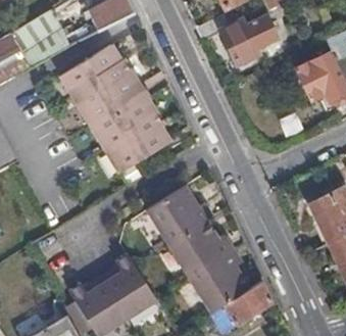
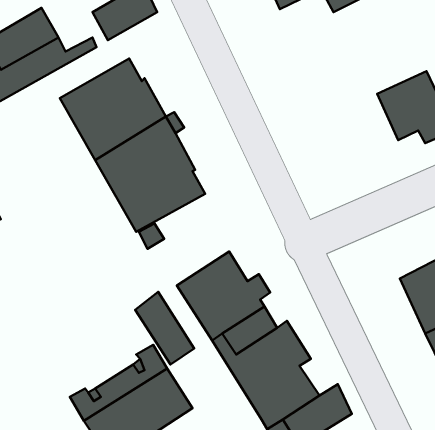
building: [197,14,274,64] -> none
building: none -> [135,292,194,364]

